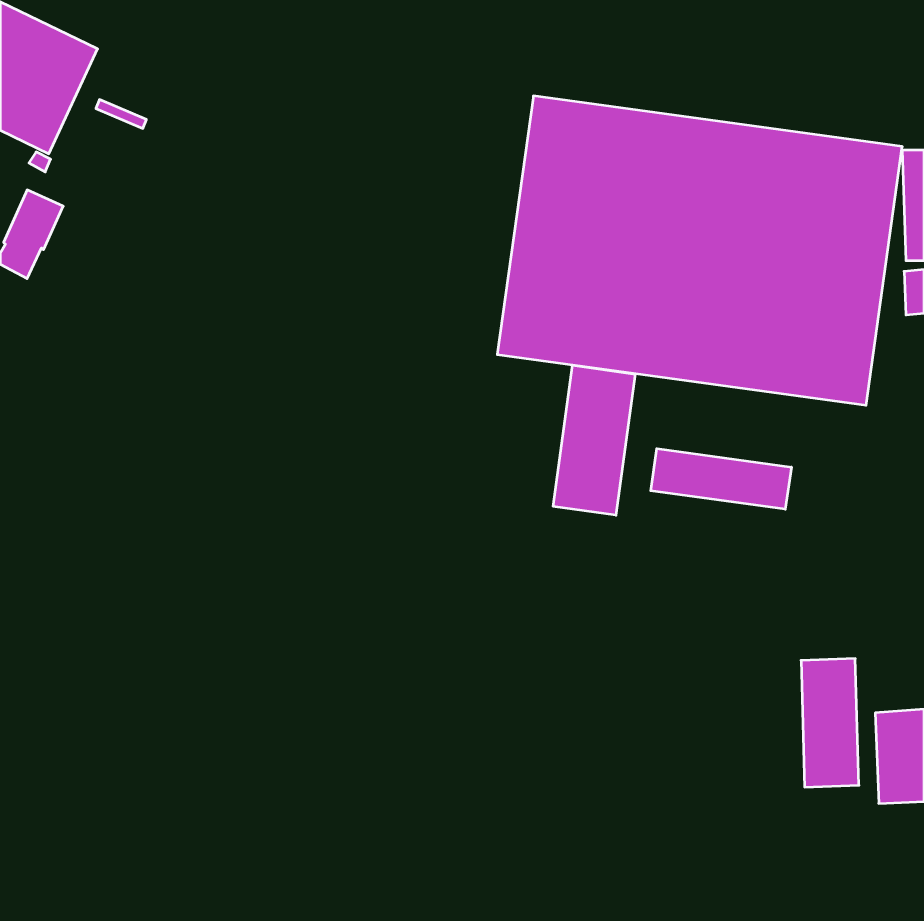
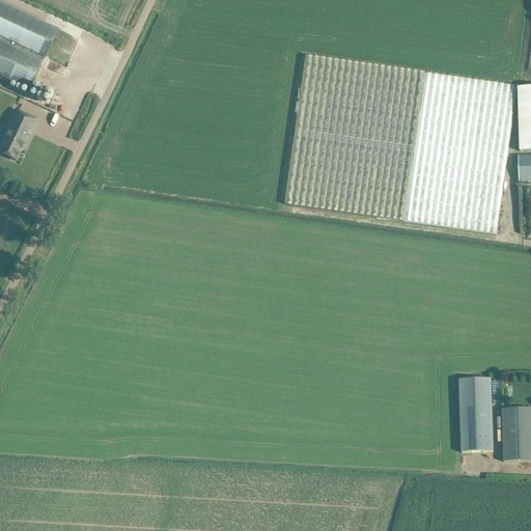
building: [553,365,635,515] -> none
building: [651,449,791,509] -> none

